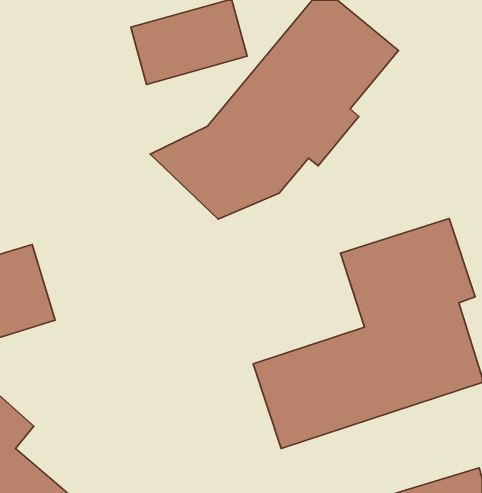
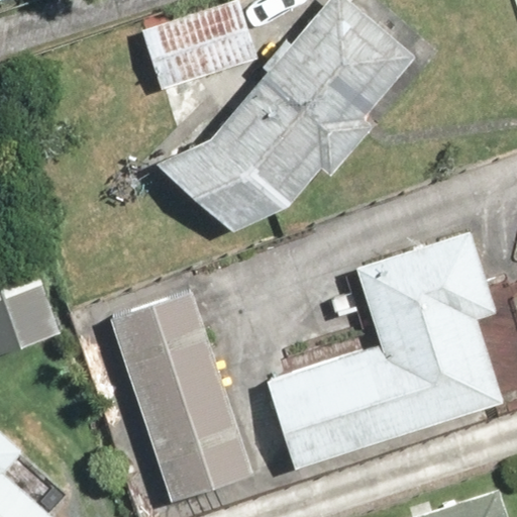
building: none -> [108,290,256,503]

